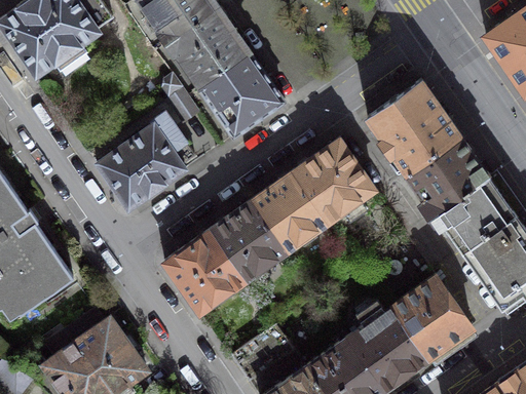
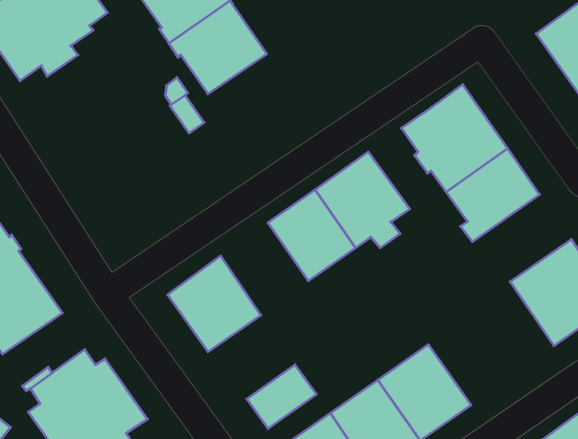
building: [199,54,285,139] -> none
building: [93,115,194,219] -> none
building: [429,176,516,252] -> none
building: [211,201,287,281] -> none
building: [391,276,472,359] -> none

